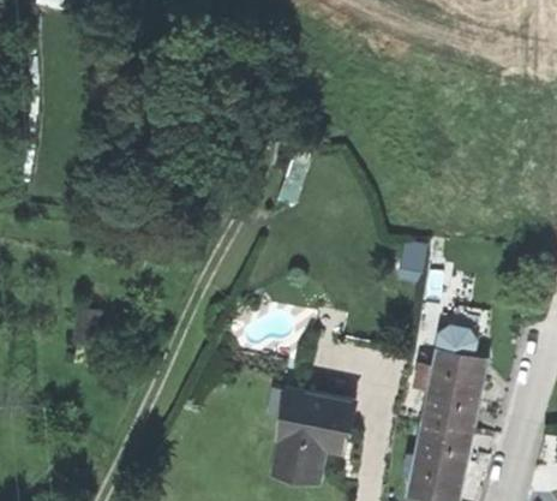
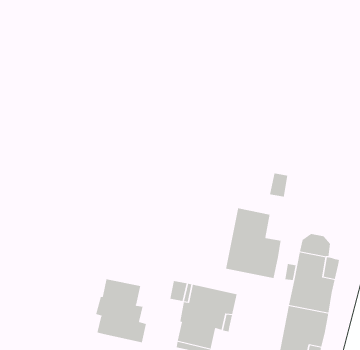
building: none -> [225,208,281,279]
building: none -> [96,278,147,343]

